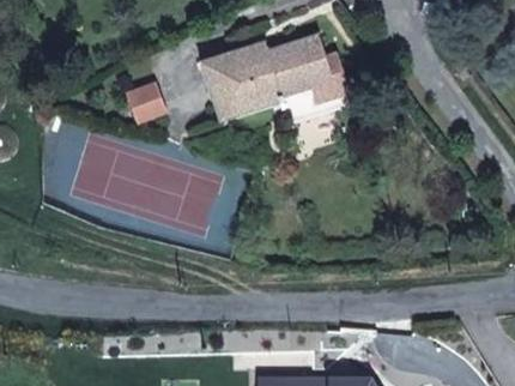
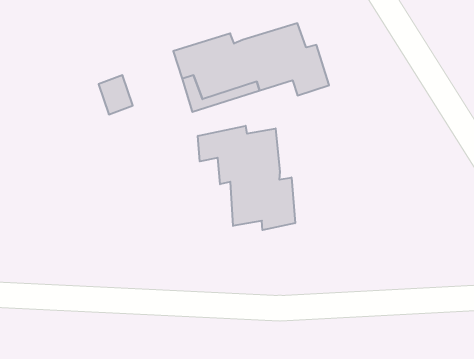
building: none -> [198,126,295,230]

